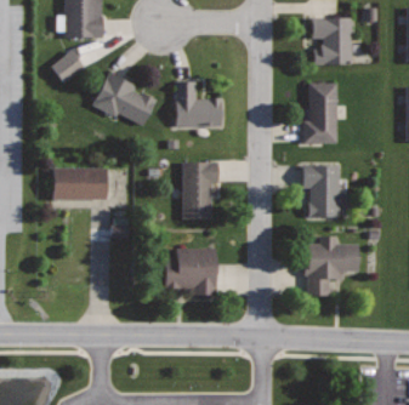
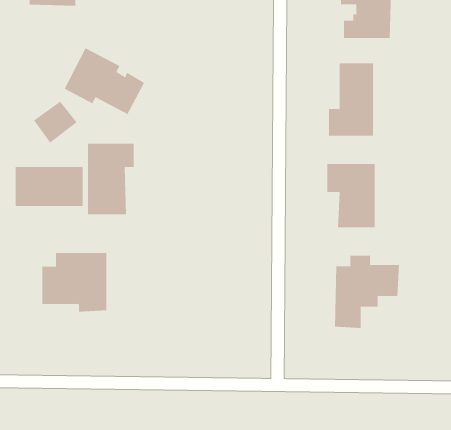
building: [49,51,84,85] -> [33,101,77,144]
building: [174,82,221,129] -> none
building: [181,164,218,221] -> [87,143,135,215]
building: [164,249,216,296] -> [41,253,107,312]

